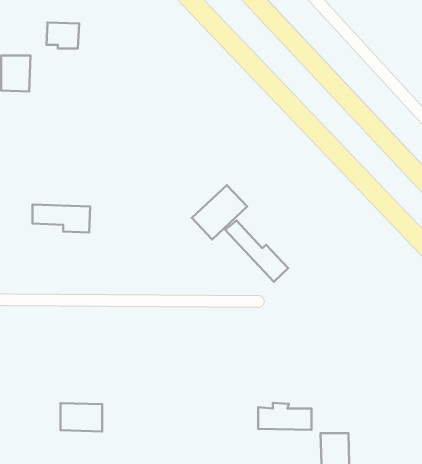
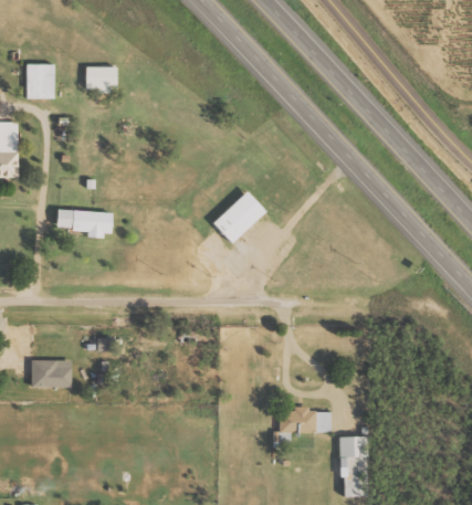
building: [46,22,79,48] -> [86,66,118,92]
building: [225,221,288,282] -> none
building: [60,403,102,431] -> [31,360,72,388]

